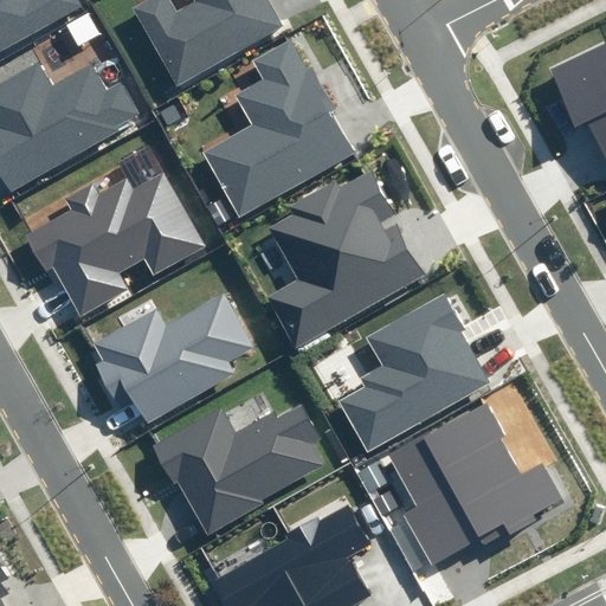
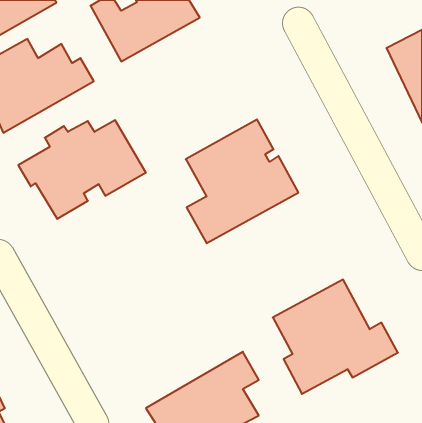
building: [201,38,352,215] -> none
building: [95,296,253,427] -> none
building: [341,297,490,449] -> none
building: [157,401,327,533] -> none

